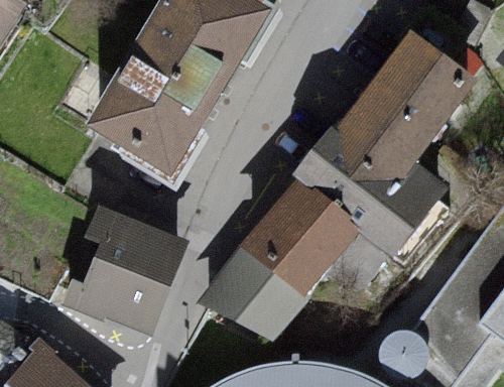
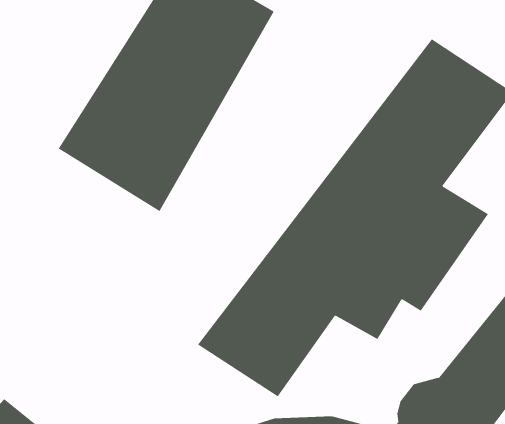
building: [64,204,188,340] -> none

